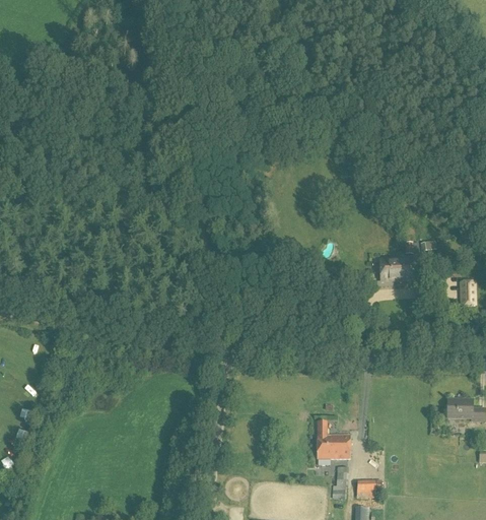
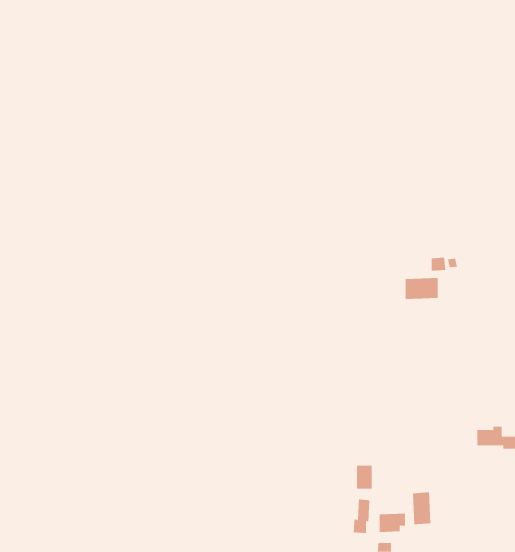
building: [460,280,477,307] -> none
building: [318,421,335,458] -> none
building: none -> [413,492,431,525]

